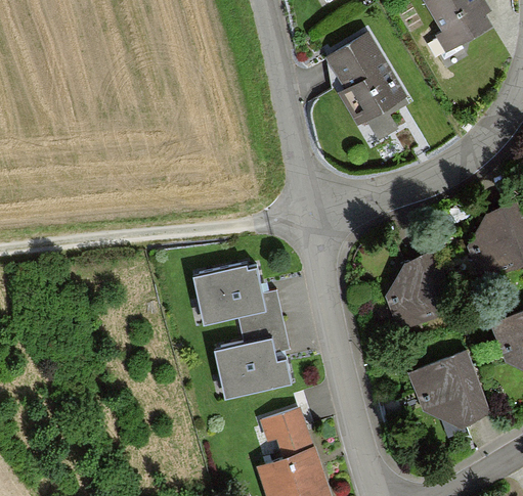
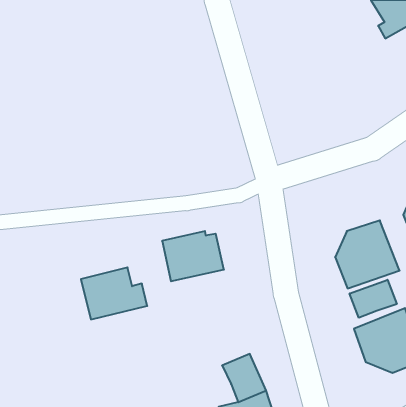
building: [328,29,408,134] -> none
building: none -> [350,280,397,318]
building: [212,341,288,400] -> [81,267,147,319]

